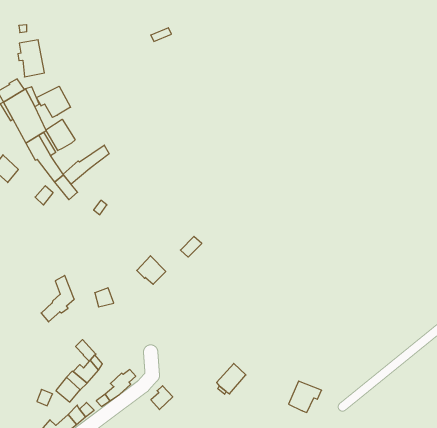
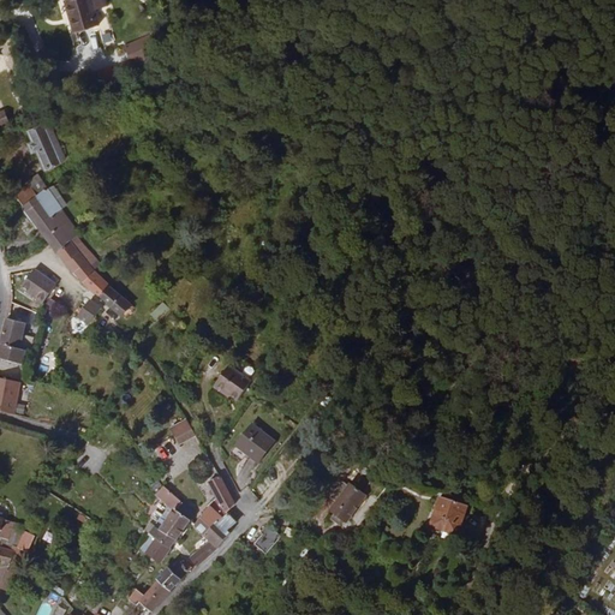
building: [36,86,71,117] -> none
building: [46,119,75,151] -> none
building: [63,145,109,184] -> none
building: [41,275,74,322] -> [191,473,229,533]
building: none -> [228,425,273,465]

